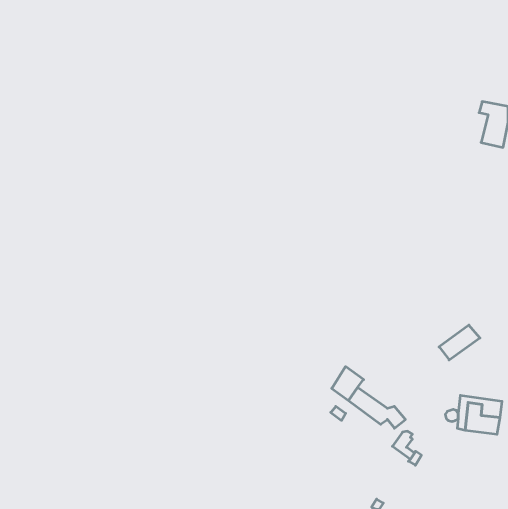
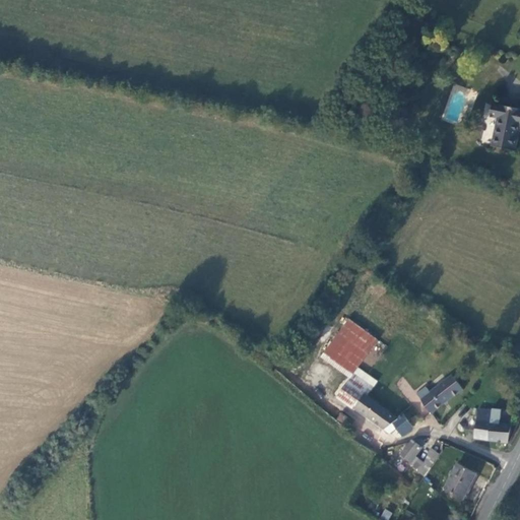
building: none -> [325,320,376,374]
building: [439,325,480,360] -> [420,377,462,412]
building: none -> [444,465,475,499]

